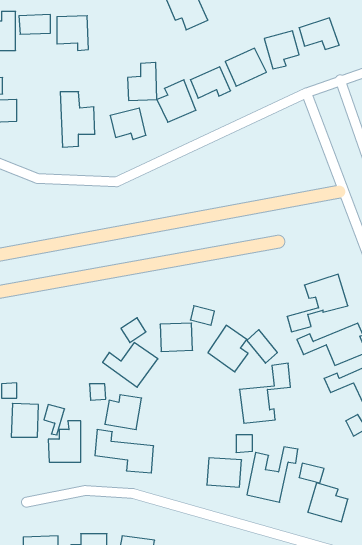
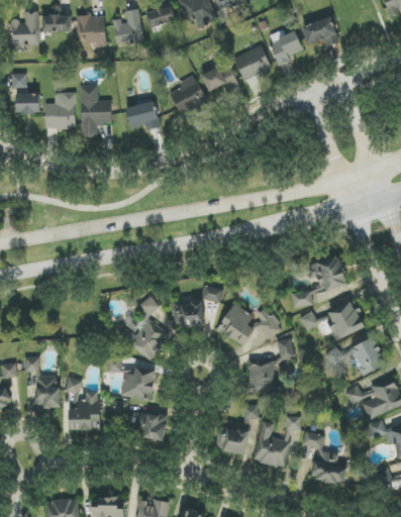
building: none -> [146,5,176,26]
building: [128,62,157,100] -> [114,9,141,44]
building: none -> [45,92,76,128]

